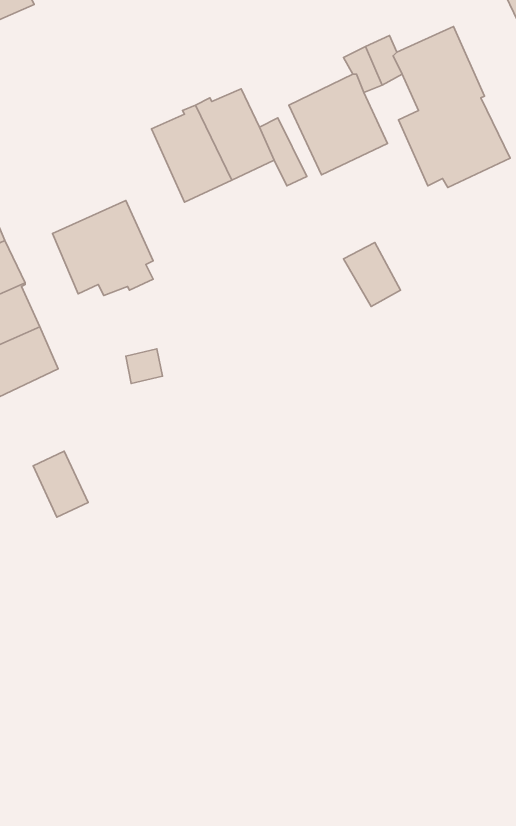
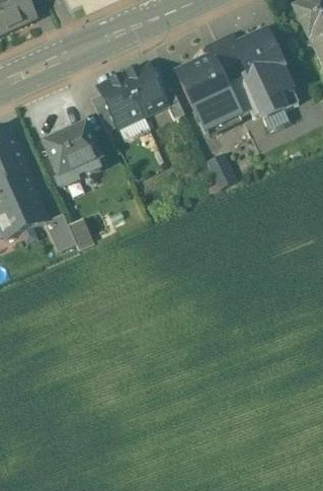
building: none -> [193,94,240,133]
building: [33,451,88,517] -> [46,214,76,251]

